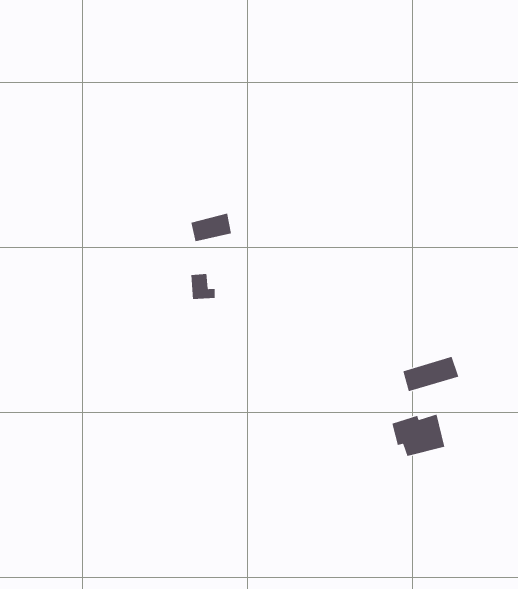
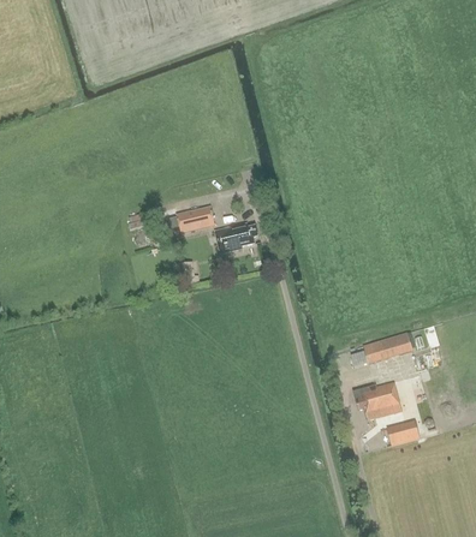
building: none -> [215,223,258,252]
building: none -> [387,419,421,446]

